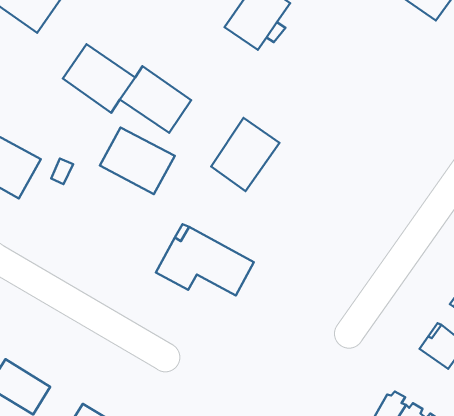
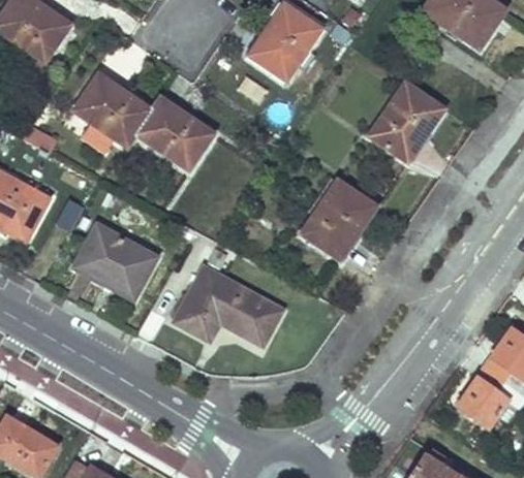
building: none -> [368,82,443,161]
building: [211,118,280,191] -> [301,181,375,260]
building: [100,127,175,194] -> [73,226,155,298]

